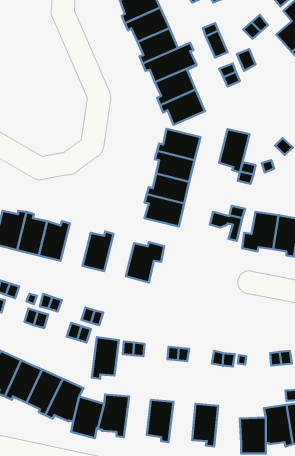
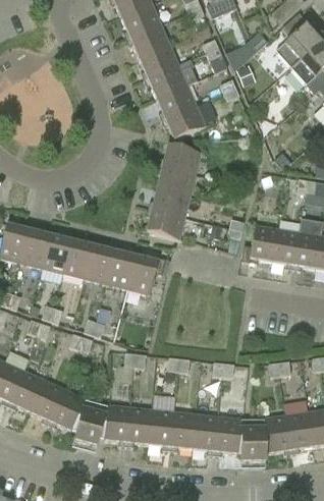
building: [219,129,249,173] -> none
building: none -> [63,236,93,278]
building: none -> [106,246,136,288]
building: [92,337,119,379] -> [125,406,152,447]
building: none -> [169,411,196,451]
building: none -> [214,415,240,456]

